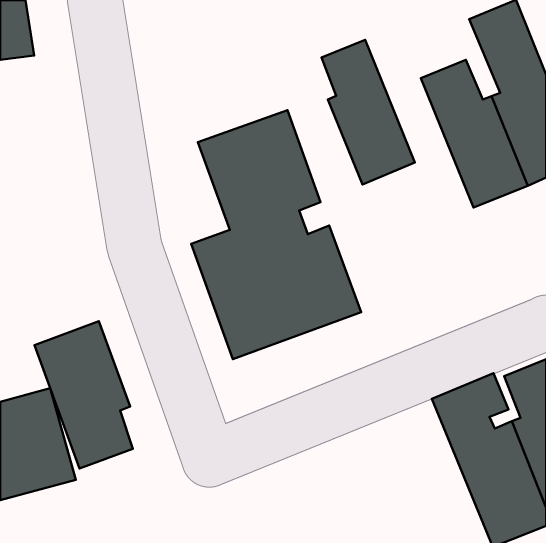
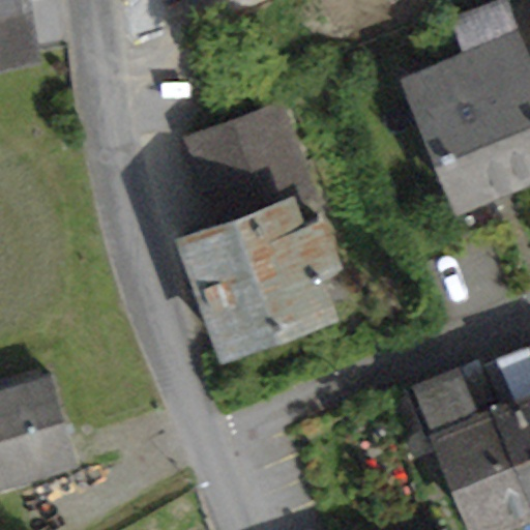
building: [322,40,415,184] -> none
building: [35,321,133,468] -> none

